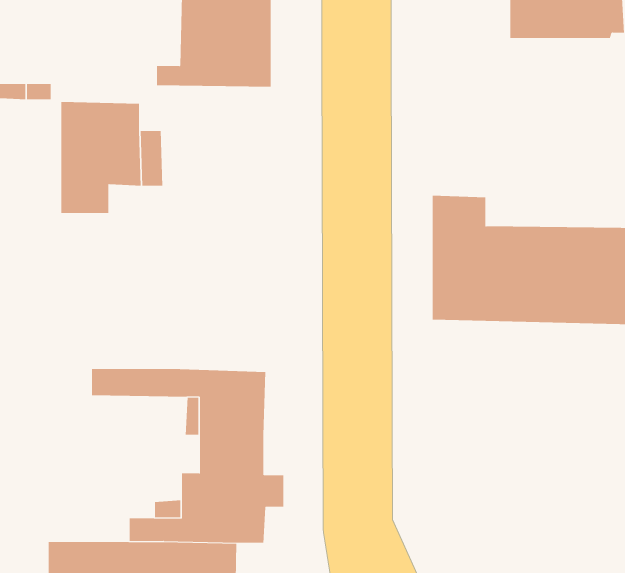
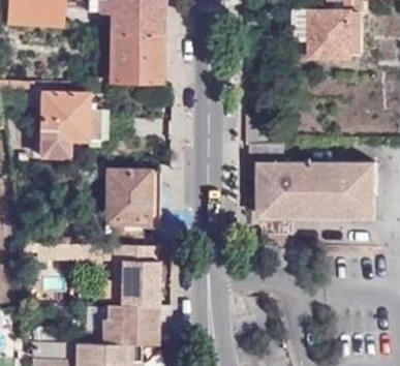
building: none -> [90,167,149,234]

